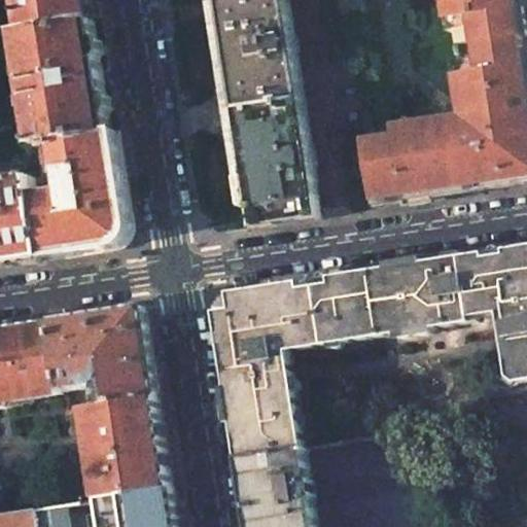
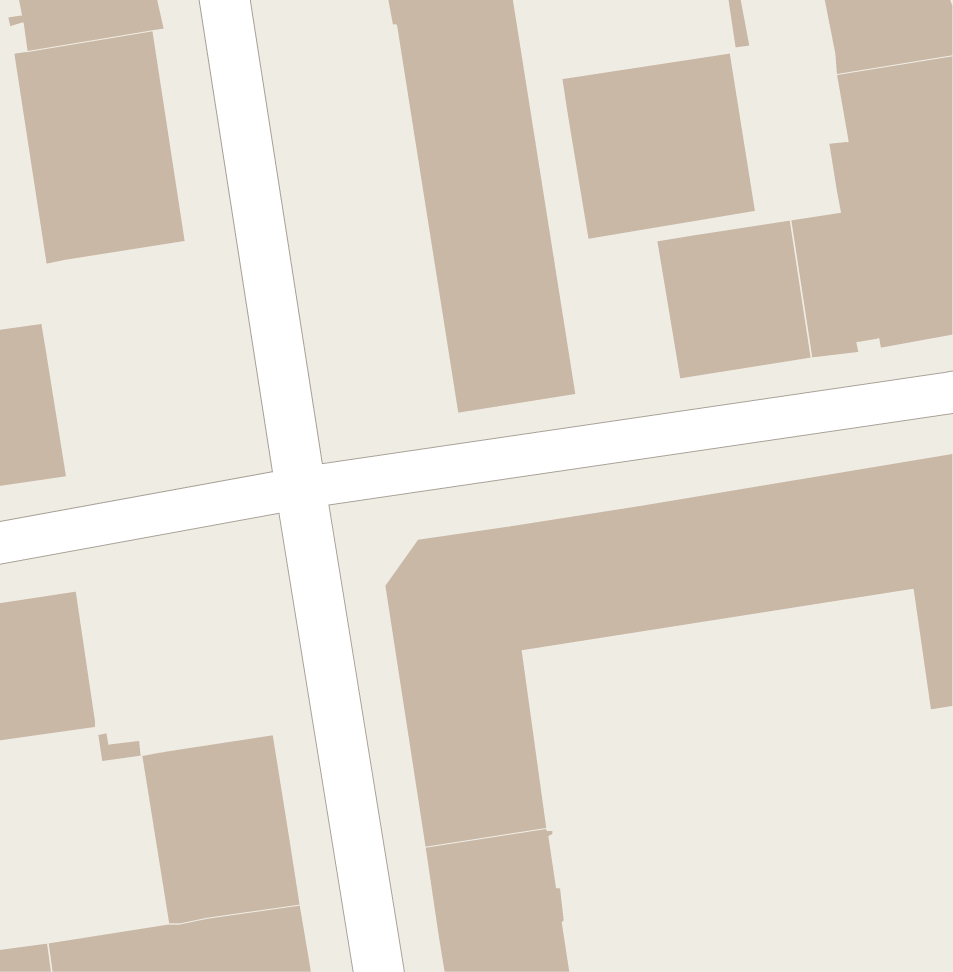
building: none -> [562,53,755,239]
building: [26,129,121,256] -> none
building: [41,304,147,405] -> none

